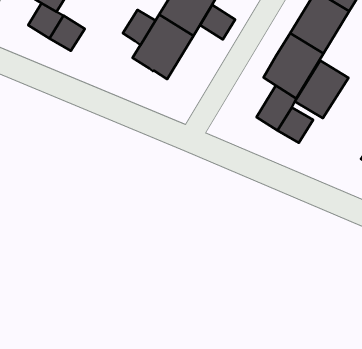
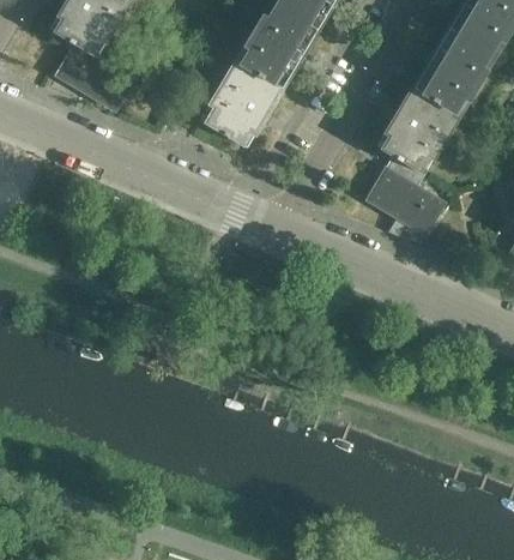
building: [200,5,235,40] -> none
building: [123,10,155,45] -> none
building: [295,61,348,118] -> none

